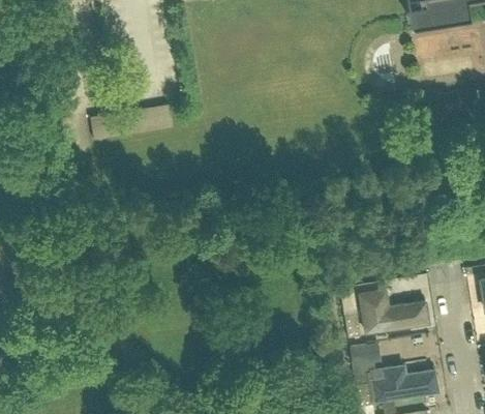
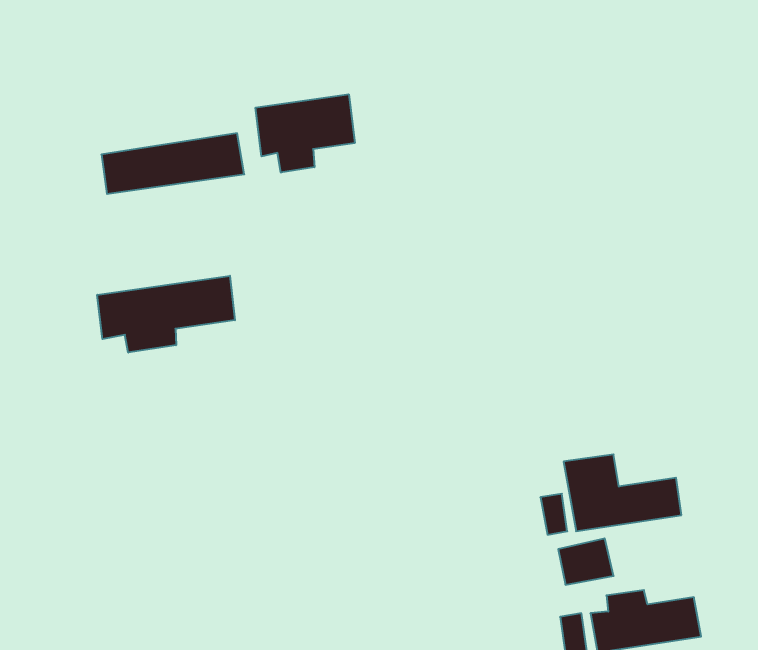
building: none -> [256,94,355,173]
building: none -> [97,276,235,353]

